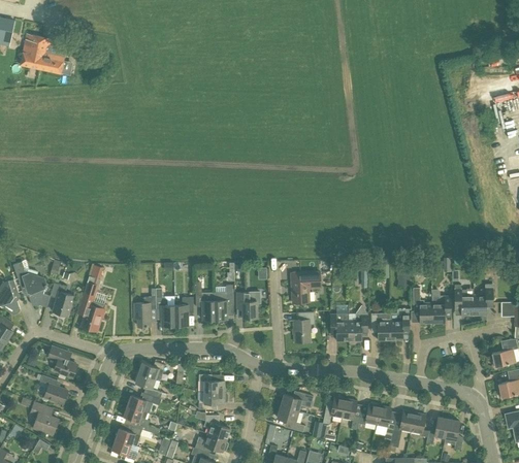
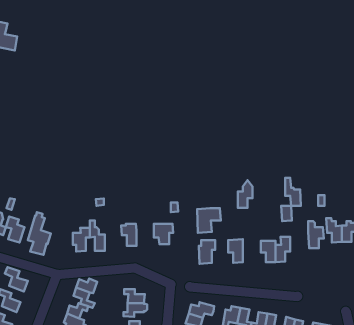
building: [413,288,432,323] -> [285,178,301,206]
building: [214,292,233,320] -> none
building: [174,297,193,326] -> none
building: [349,305,367,340] -> [238,180,253,208]

